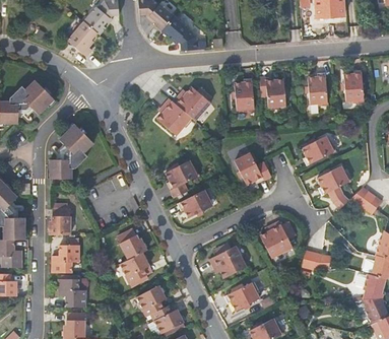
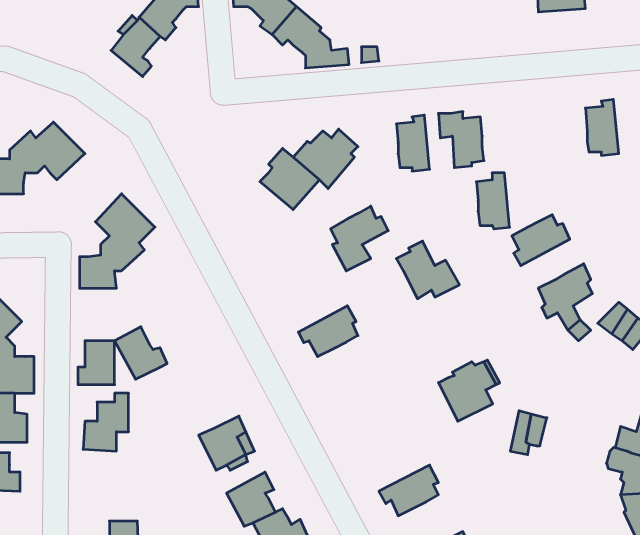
building: [308,71,327,104] -> [476,173,510,229]
building: [166,159,199,197] -> [331,206,388,271]
building: [117,228,147,259] -> [115,327,167,379]
building: [211,243,246,277] -> none
building: [59,278,86,306] -> none

